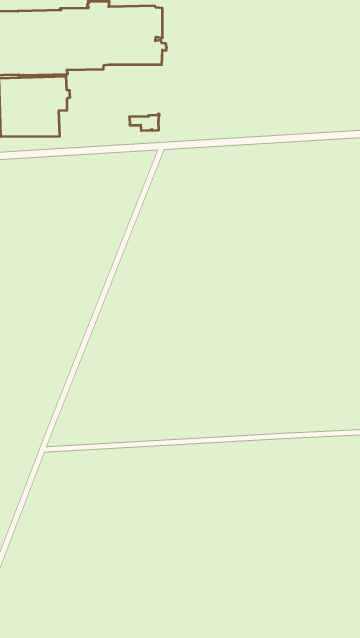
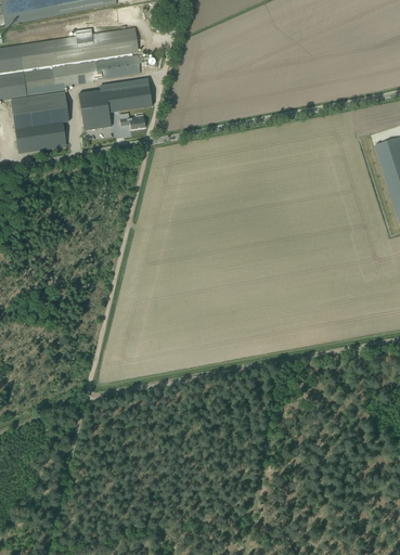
building: none -> [78,82,152,129]

